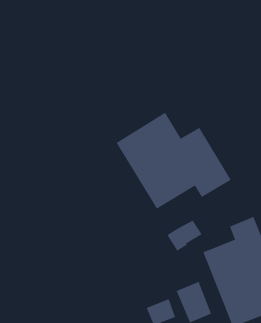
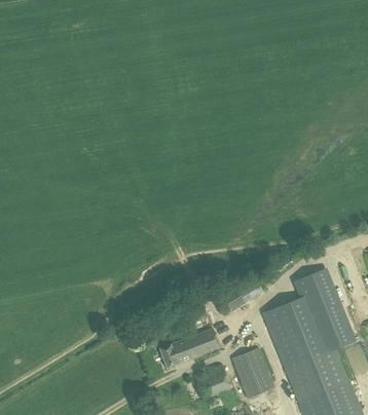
building: [116,112,232,209] -> none
building: none -> [159,328,220,368]

